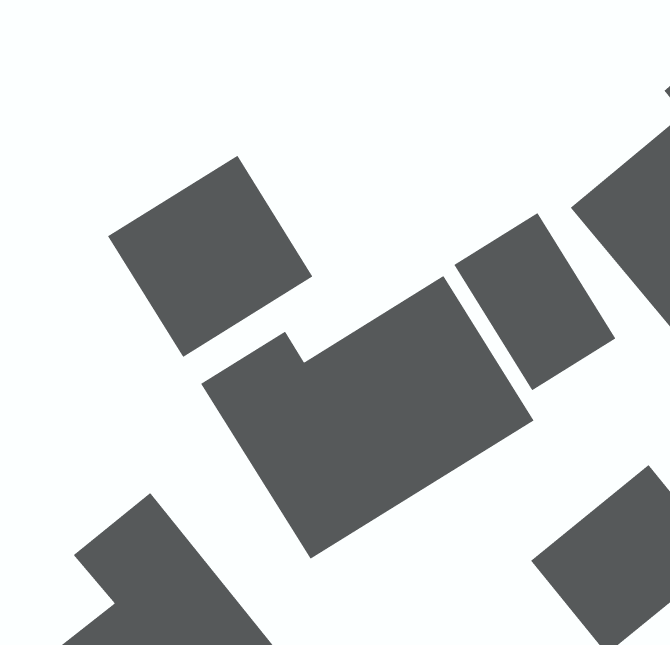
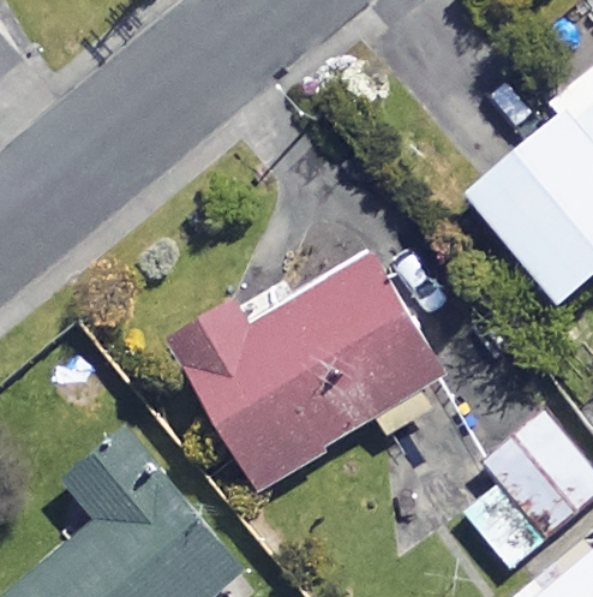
building: [107,155,313,358] -> none
building: [453,212,616,391] -> none

